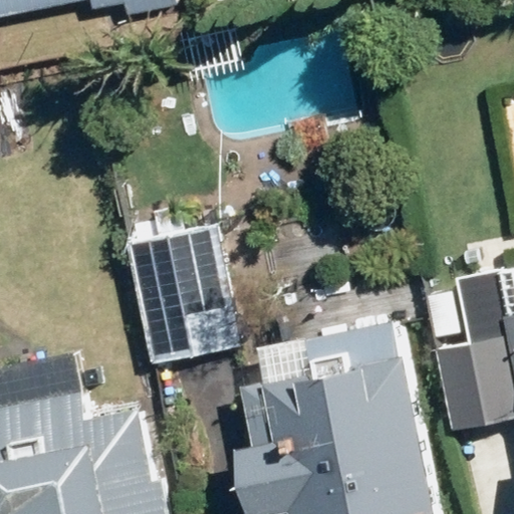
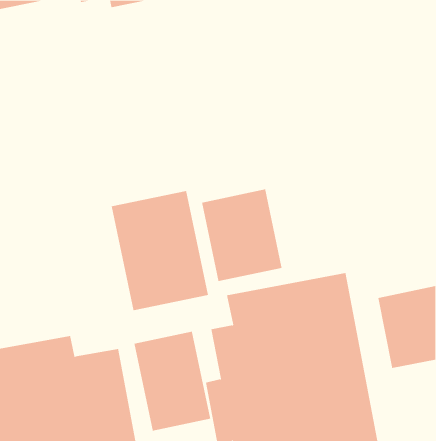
building: none -> [201,189,282,282]
building: none -> [134,331,211,431]

